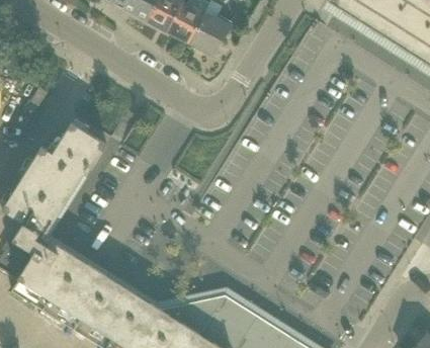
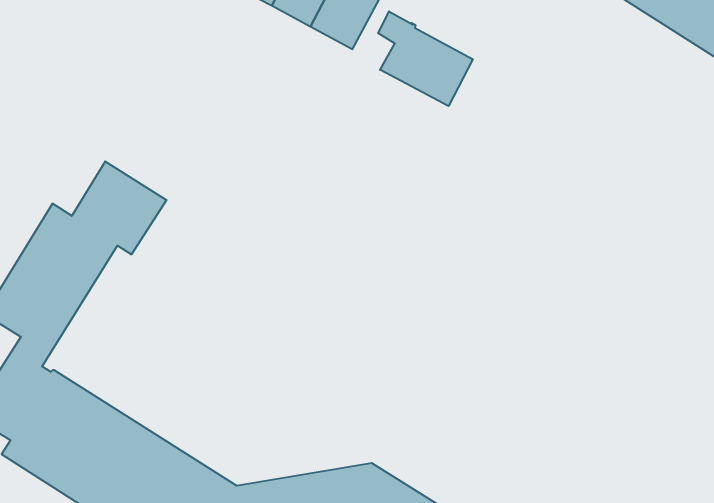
building: none -> [378,11,473,106]

